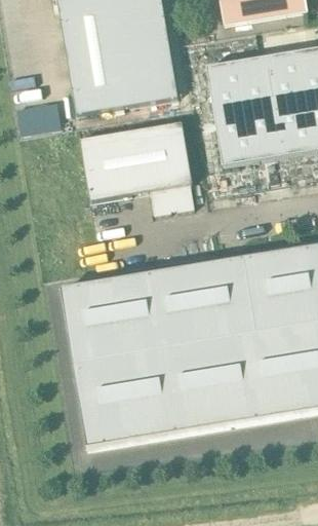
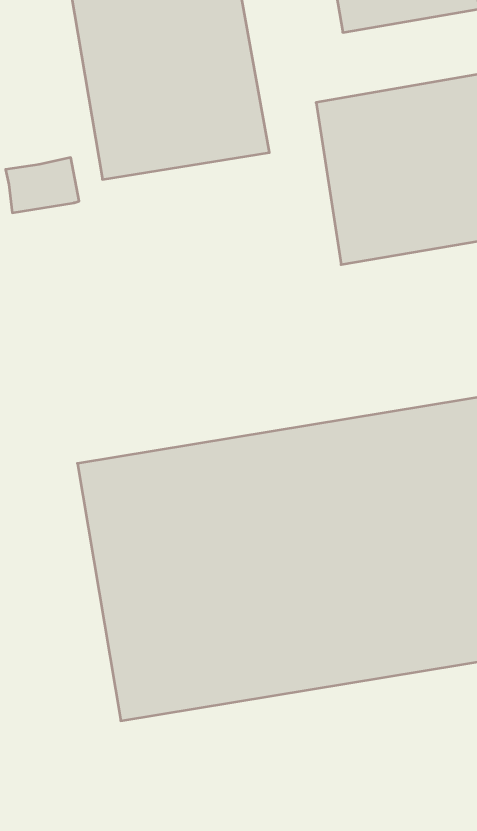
building: [78,119,192,213] -> none

